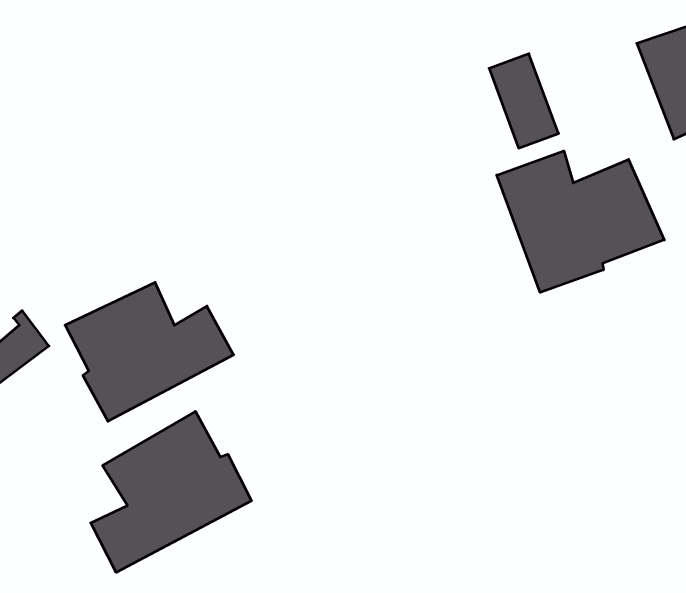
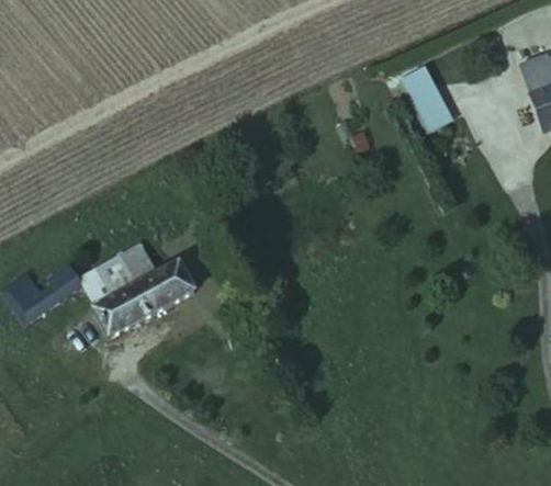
building: [497,151,664,292] -> none
building: [91,411,251,572] -> none

